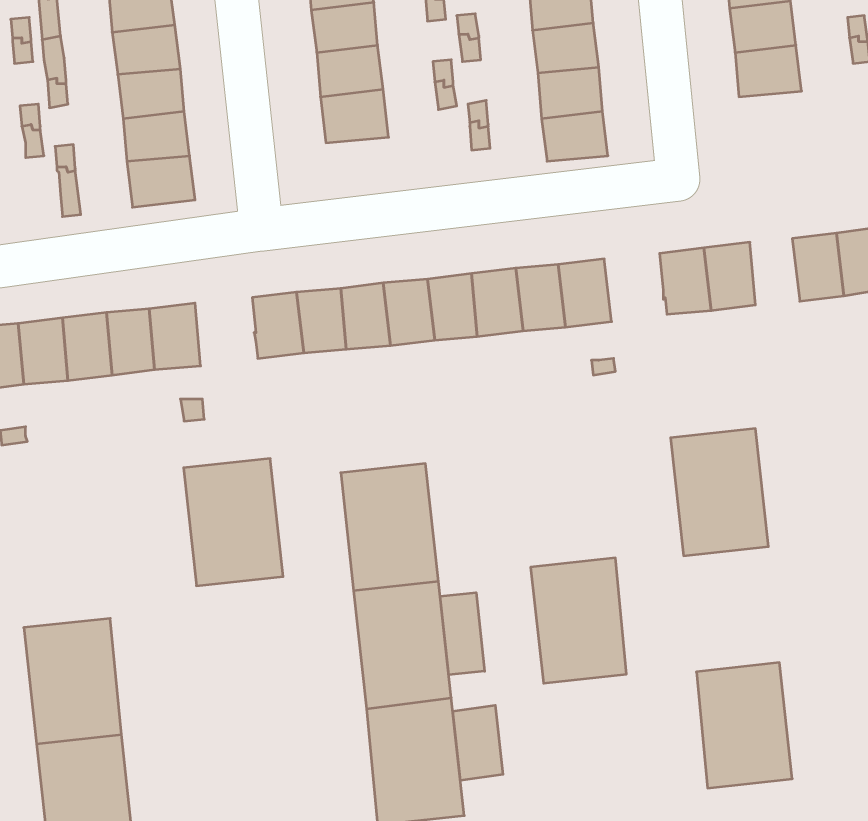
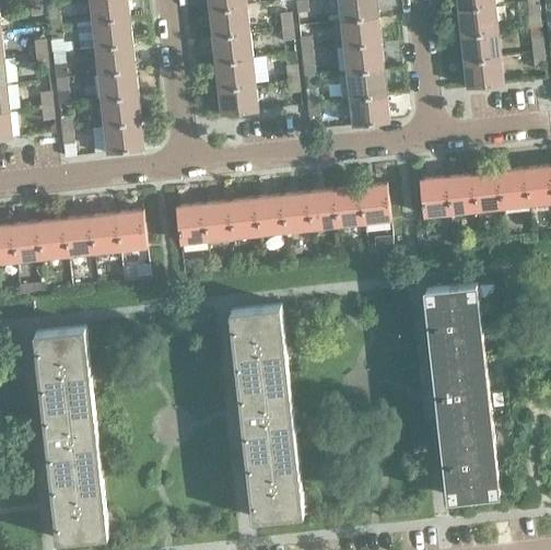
building: none -> [471,173,501,212]
building: [184,459,283,586] -> [33,328,92,403]
building: [531,558,626,683] -> [432,355,489,430]
building: [440,593,485,675] -> none
building: [453,705,503,781] -> none

